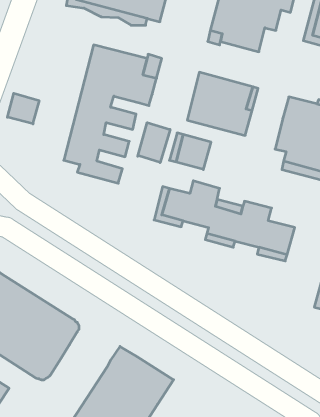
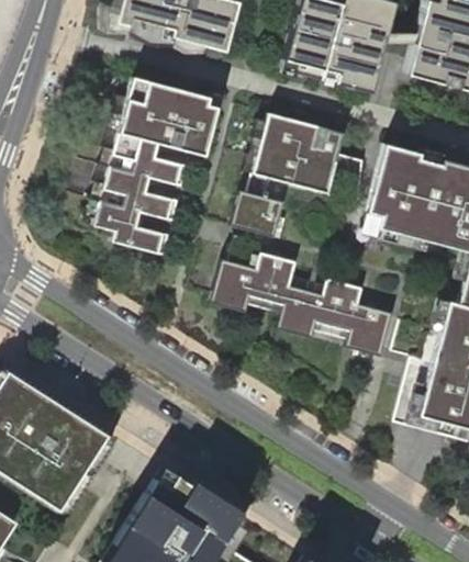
building: none -> [347,33,388,93]
building: [7,93,39,124] -> none
building: [138,123,170,163] -> none

